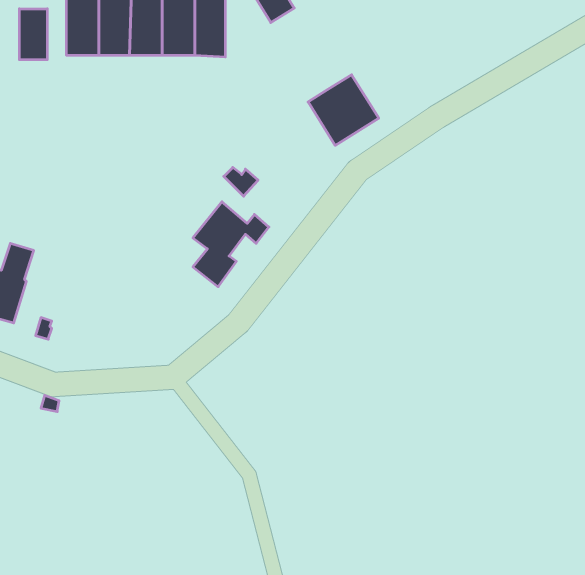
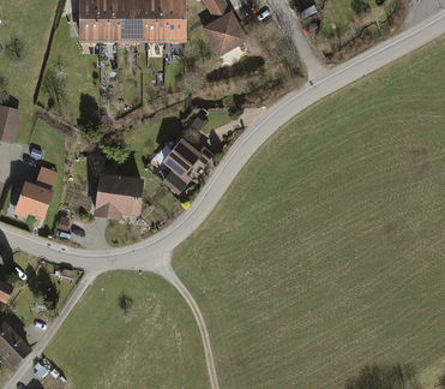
building: [19,9,47,60] -> none
building: [308,75,379,145] -> [200,10,247,56]
building: none -> [92,174,143,220]

